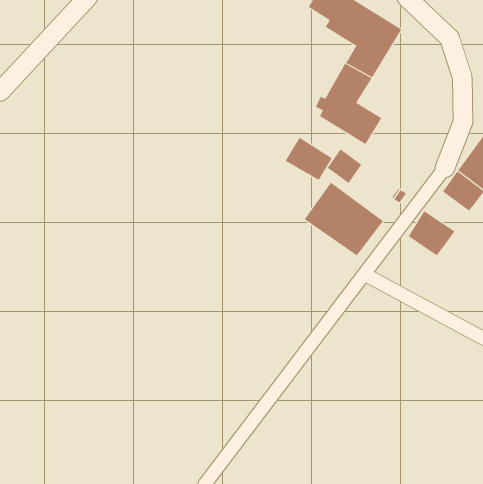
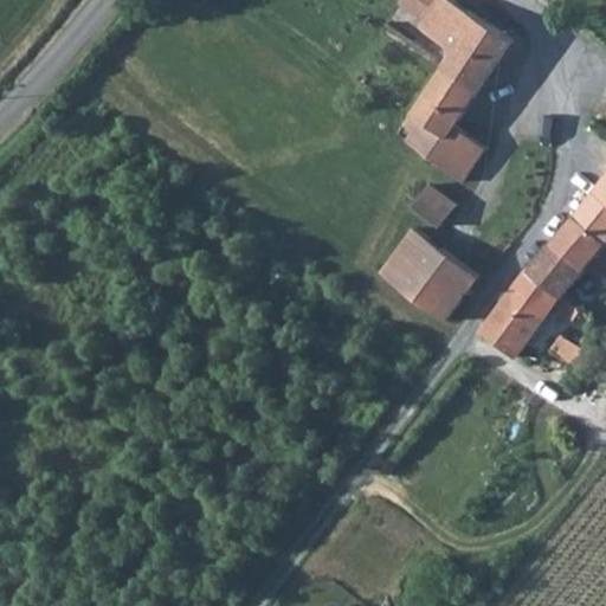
building: [285,137,333,181] -> none
building: none -> [535,238,588,288]
building: none -> [486,294,548,353]

